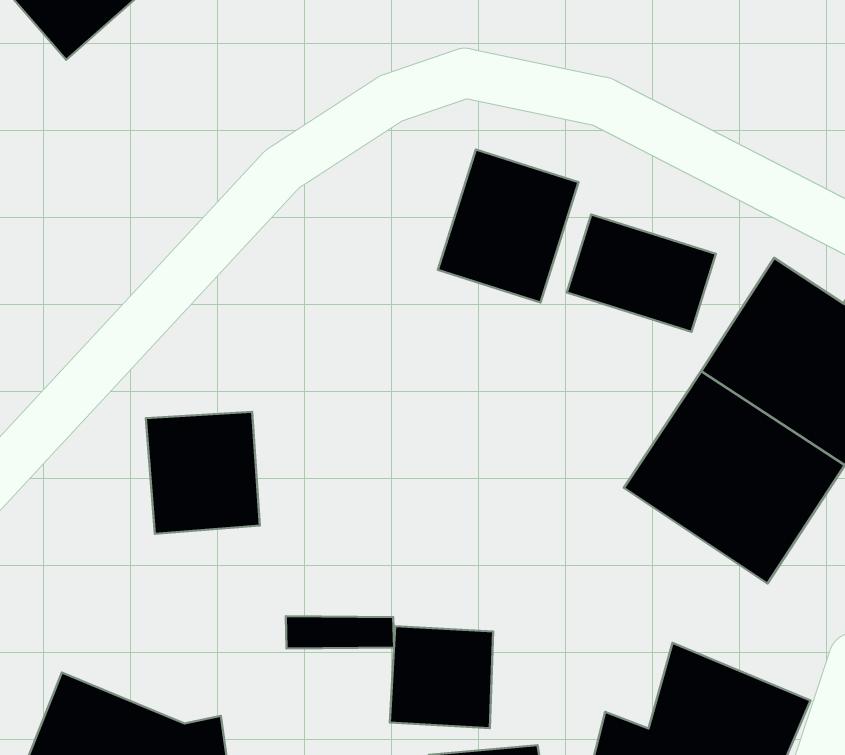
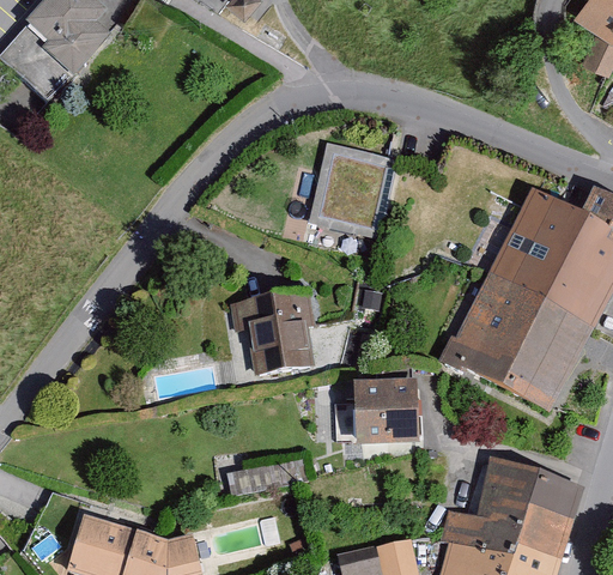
building: [567,215,716,332] -> none
building: [146,412,260,534] -> [239,291,322,379]
building: [390,626,493,728] -> [357,380,426,447]

